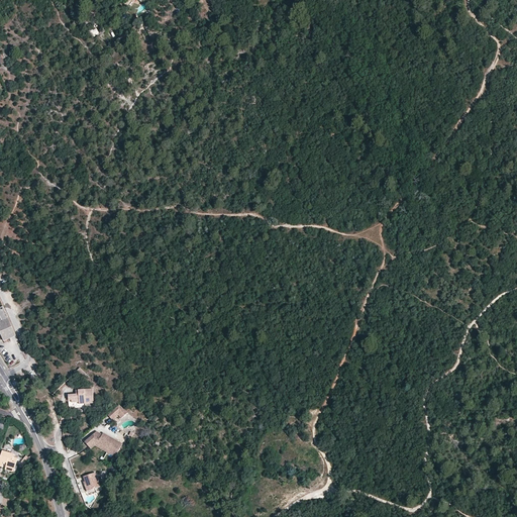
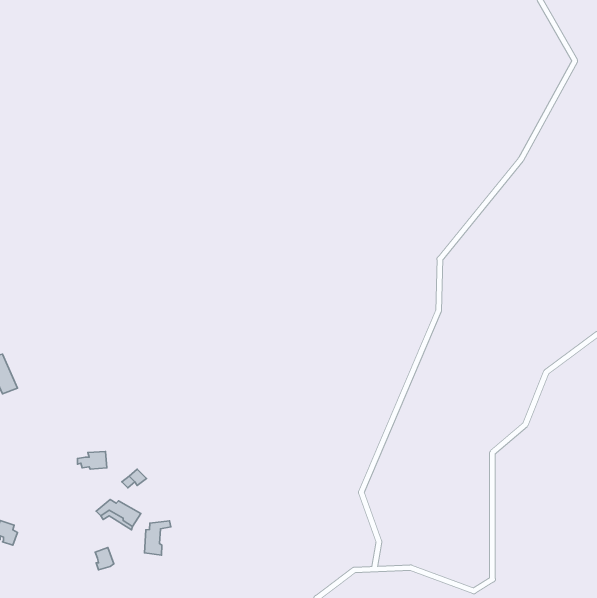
building: none -> [144,521,171,555]

